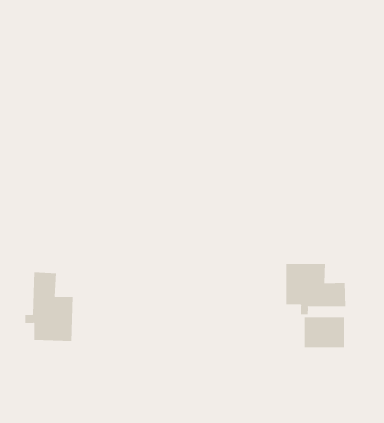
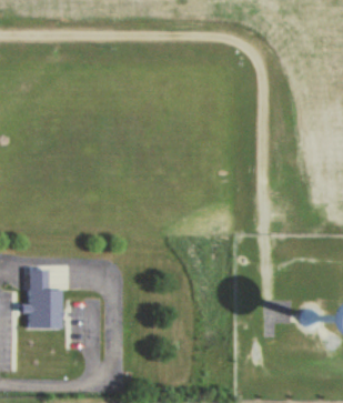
building: [286,263,346,315] -> none

